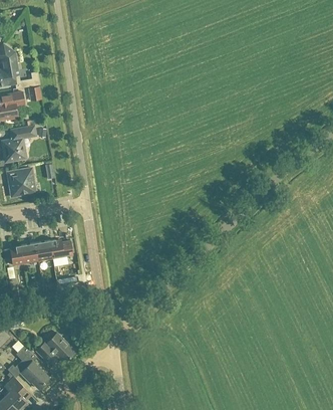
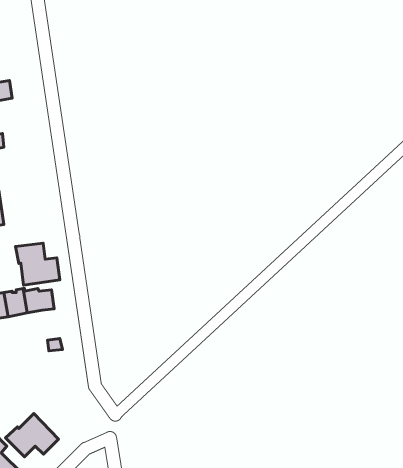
building: none -> [16,243,60,285]

